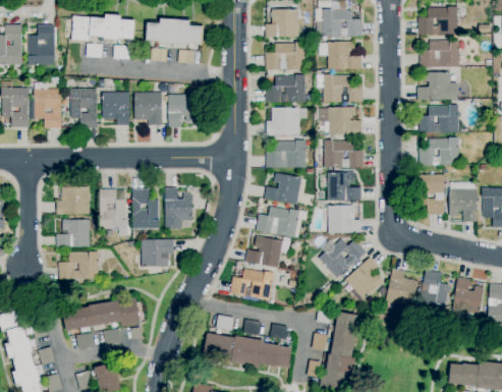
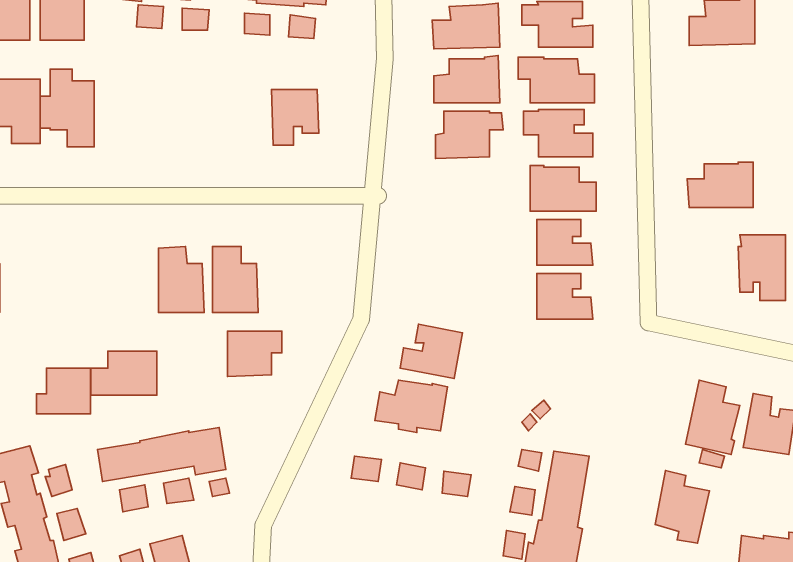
building: [417,71,457,99] -> none
building: [70,83,97,127] -> none
building: [103,92,129,125] -> none
building: [134,93,163,124] -> none
building: [419,104,458,132] -> none
building: [266,139,305,167] -> none
building: [265,173,301,205] -> none
building: [415,174,448,214] -> none
building: [57,186,89,214] -> none
building: [165,187,191,228] -> none
building: [256,206,299,237] -> none
building: [57,219,90,246] -> [36,368,91,414]
building: [319,238,367,278] -> none
building: [345,257,384,299] -> none
building: [386,268,419,312] -> [655,471,709,543]
building: [204,332,292,368] -> none

